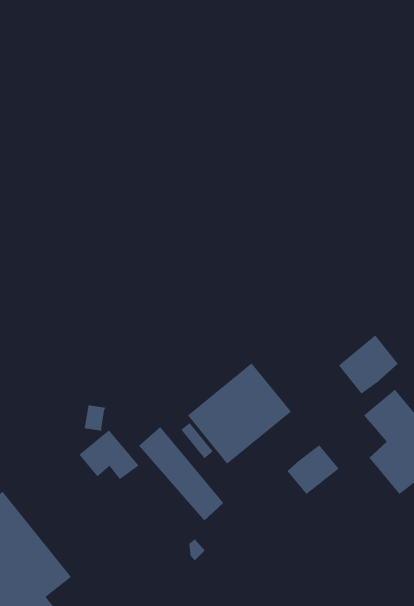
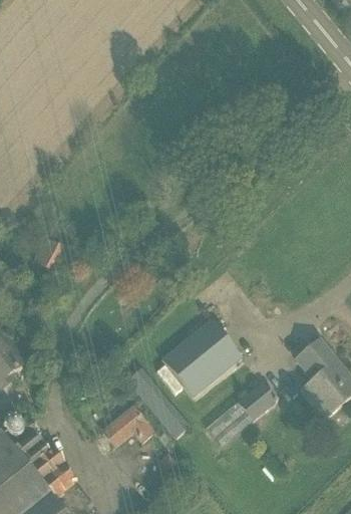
building: [338,334,399,395] -> none
building: [79,430,140,480] -> [110,405,156,443]
building: none -> [207,412,248,445]

